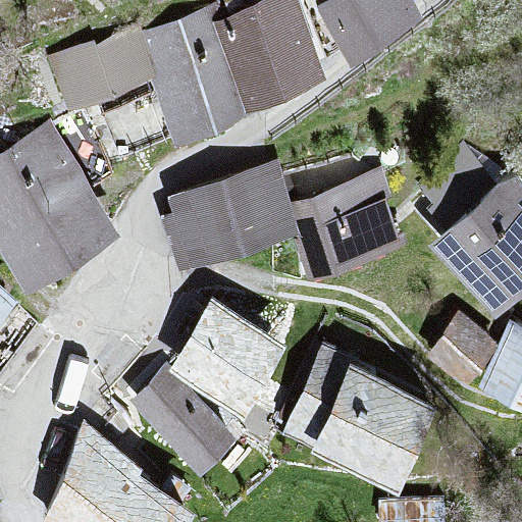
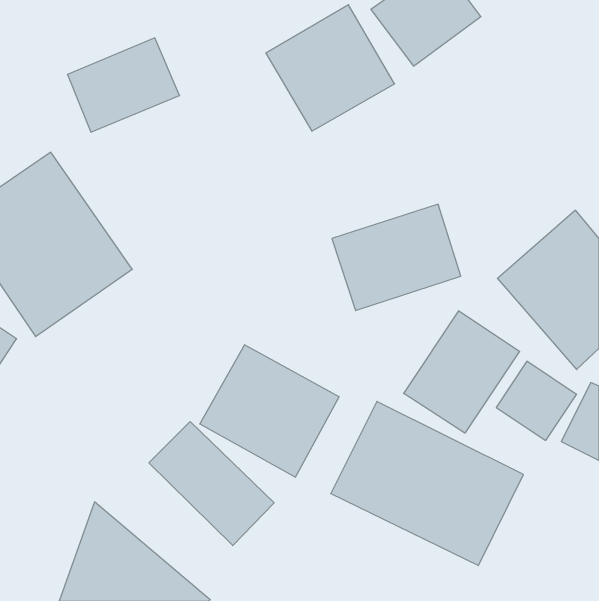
building: [146,16,251,138] -> none
building: [170,169,296,271] -> none
building: none -> [404,311,520,433]

